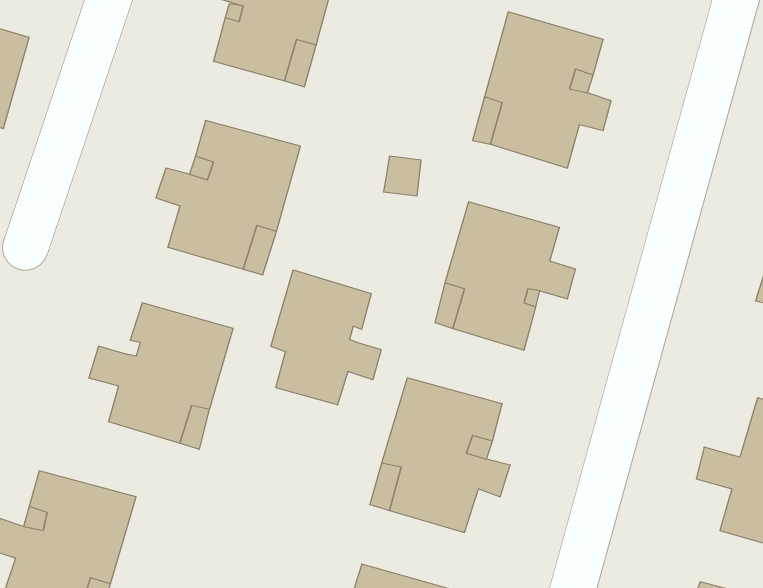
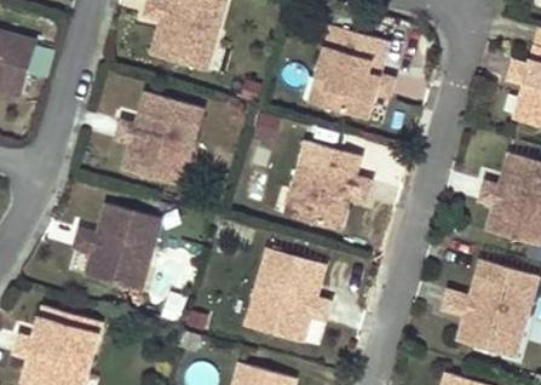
building: [271,270,381,405] -> none

